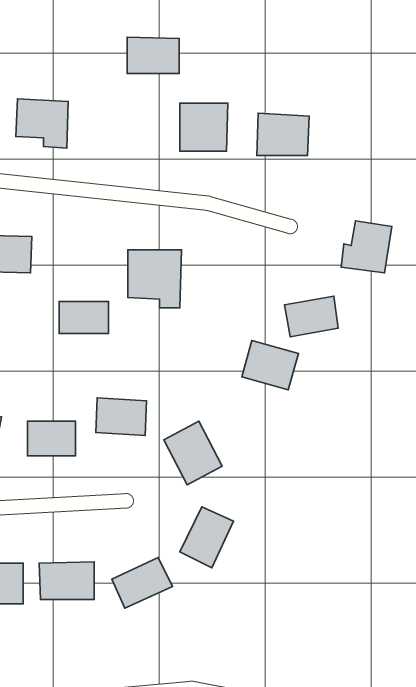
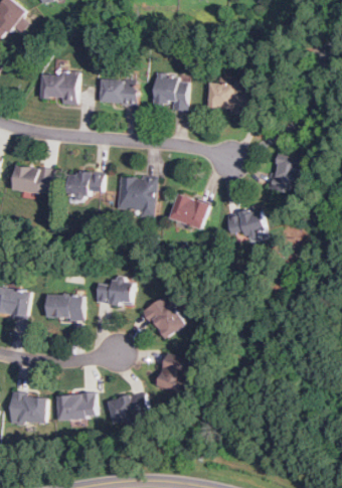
building: [127,37,179,73] -> [100,78,136,104]
building: [59,301,108,333] -> [67,173,102,195]
building: [242,340,298,390] -> [169,194,208,228]

